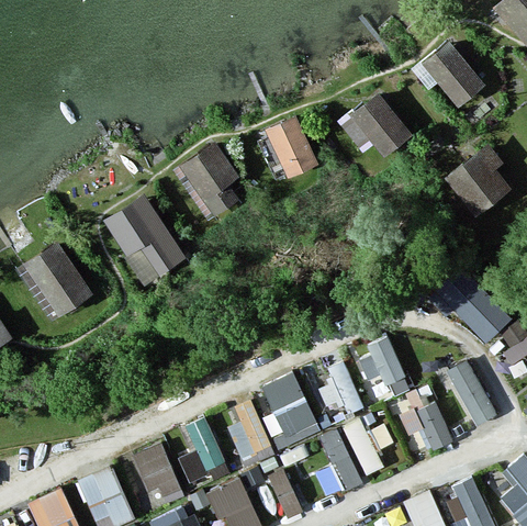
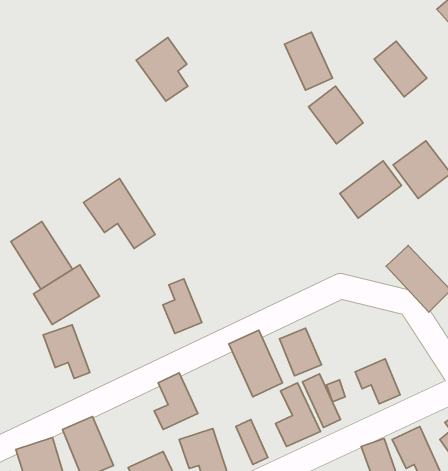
building: [264,121,316,184] -> [285,32,332,90]
building: [179,152,236,222] -> [136,37,188,101]
building: none -> [340,161,401,218]
building: none -> [34,265,99,325]
building: [357,335,411,395] -> none
building: [446,358,497,425] -> none
building: [229,398,272,458] -> [163,279,202,334]
building: [133,441,184,501] -> [43,325,90,379]

